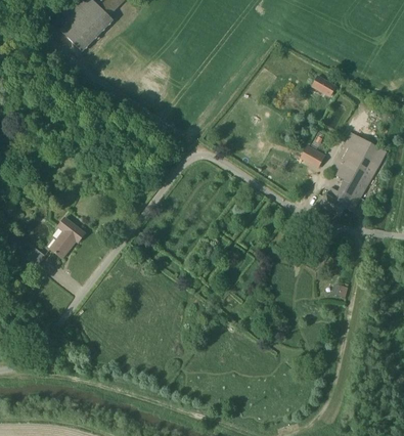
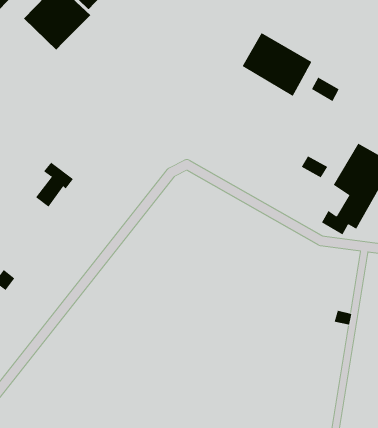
building: none -> [242,32,312,97]
building: [50,218,85,259] -> [35,162,74,208]

